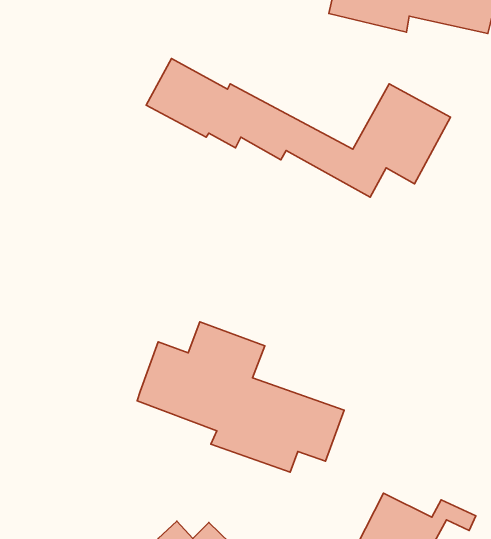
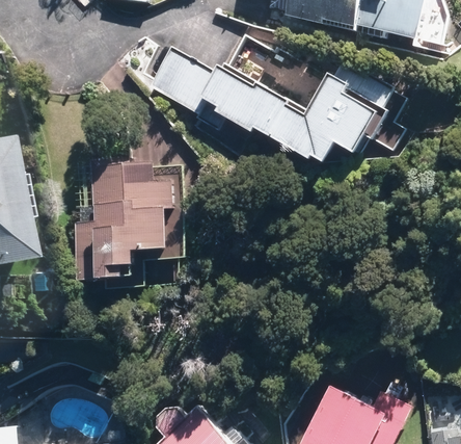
building: none -> [85,163,164,275]
building: [137,322,344,472] -> none

